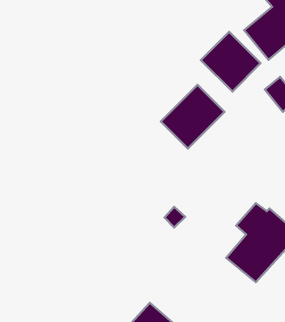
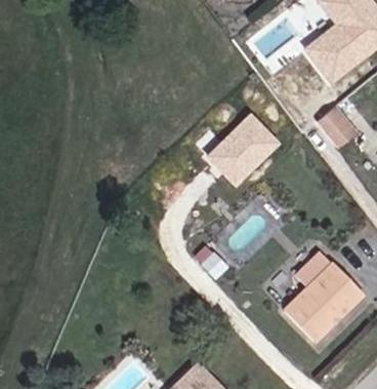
building: [201,32,261,91] -> none

